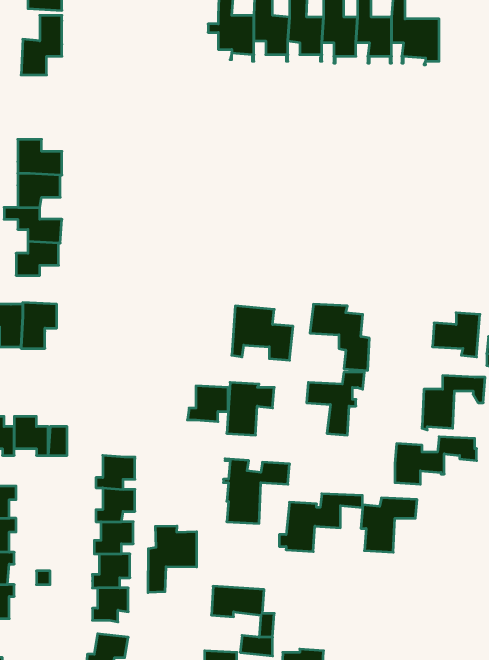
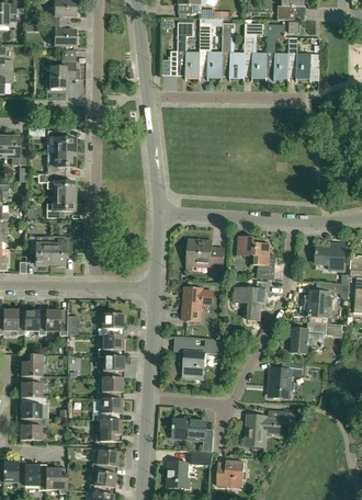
building: [187,386,228,422] -> [97,312,123,336]
building: [279,494,362,552] -> [241,409,295,446]
building: [148,526,197,593] -> none

